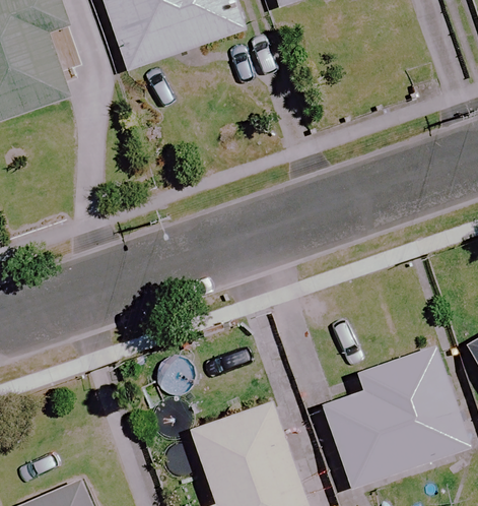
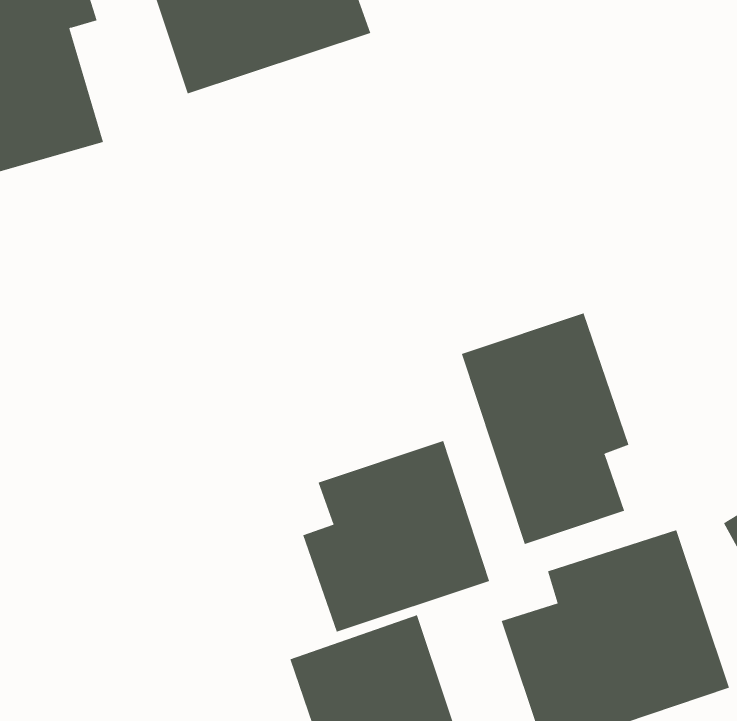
building: none -> [461,313,629,545]
building: none -> [303,440,490,633]

